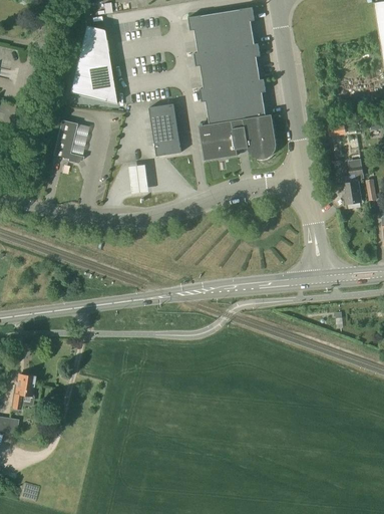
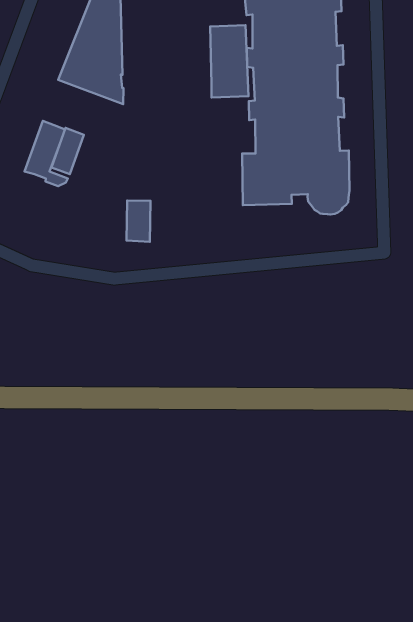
building: [149,103,181,156] -> [210,25,248,98]

